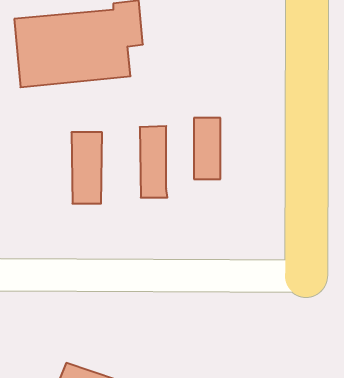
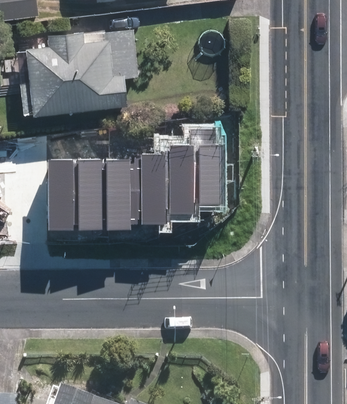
building: none -> [164,146,191,215]
building: none -> [45,160,72,230]
building: none -> [100,160,129,230]

